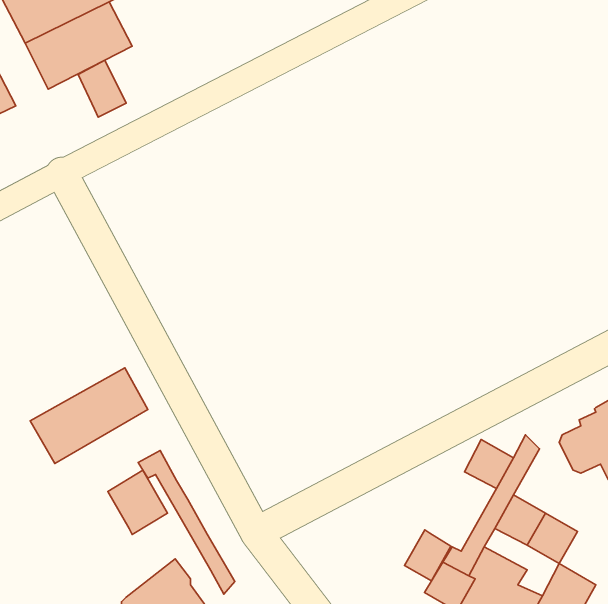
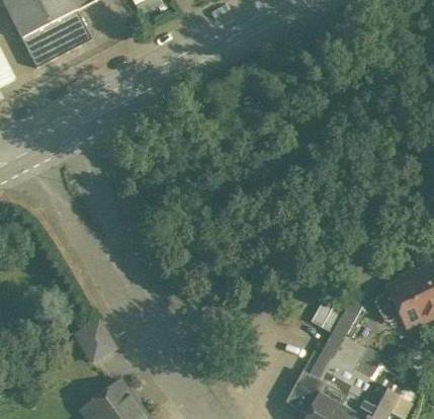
building: [78,60,126,117] -> none
building: [30,368,148,464] -> none
building: [138,451,235,594] -> none
building: [405,530,451,581] -> none

